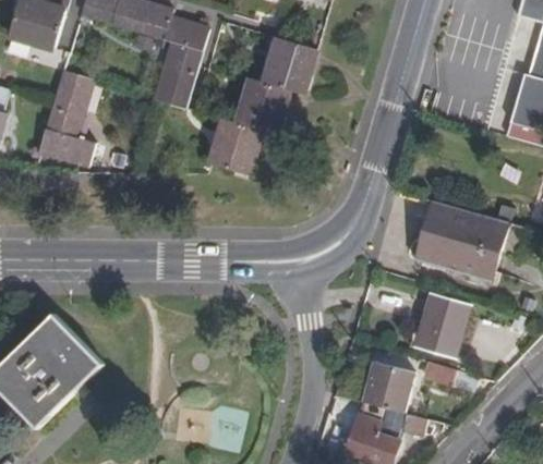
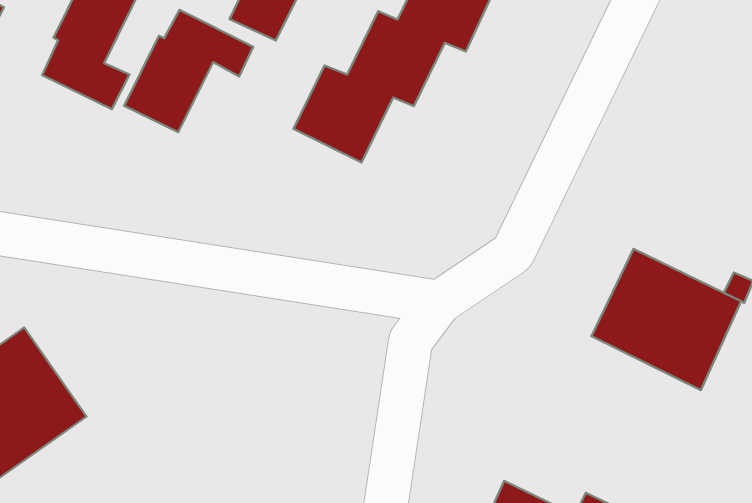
building: none -> [124,10,253,132]
building: [417,293,470,356] -> none

